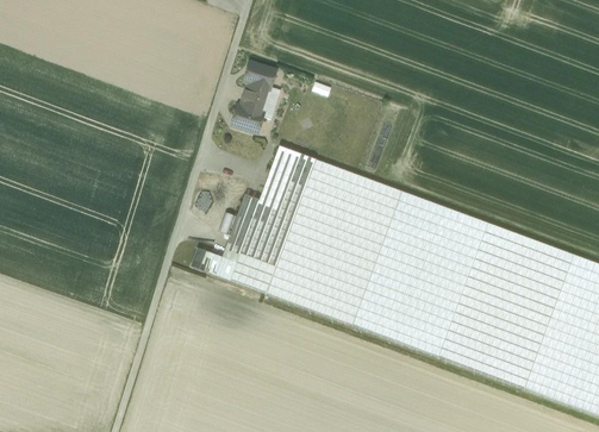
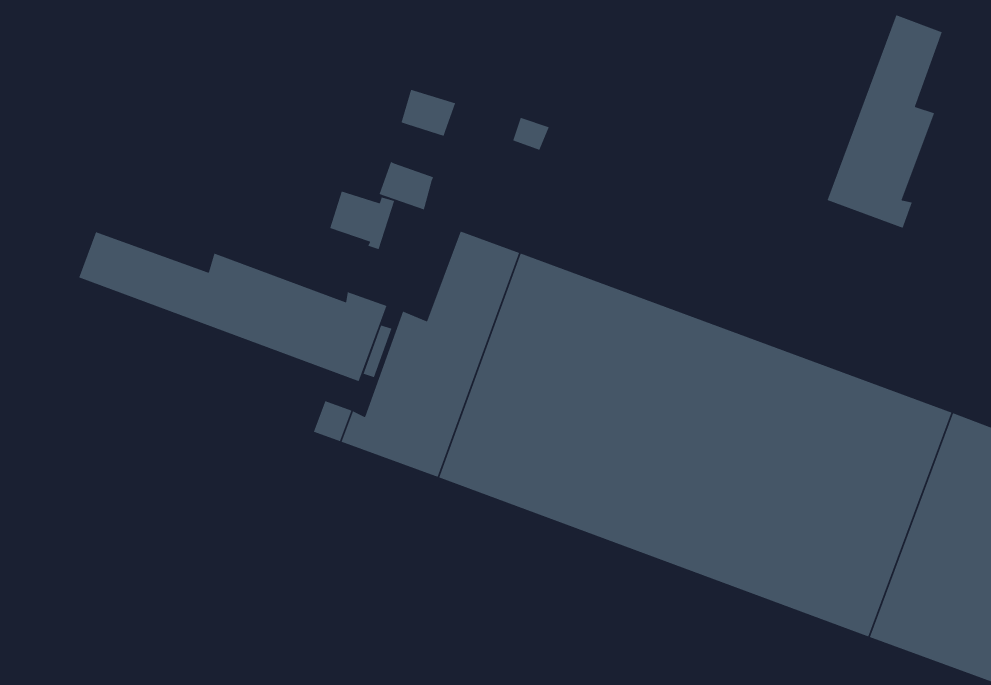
building: none -> [826,14,943,229]
building: [241,82,280,118] -> [329,190,395,250]
building: none -> [78,231,387,382]

